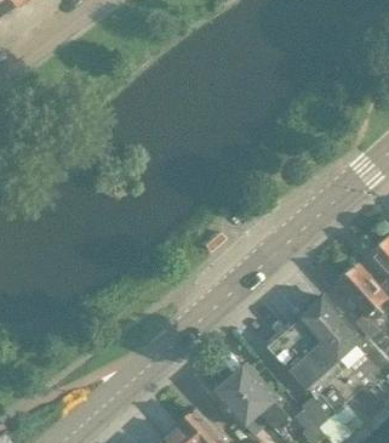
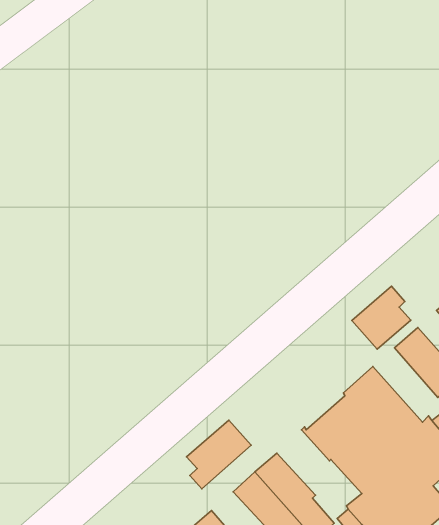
building: none -> [352,286,411,349]
building: none -> [187,420,251,489]

